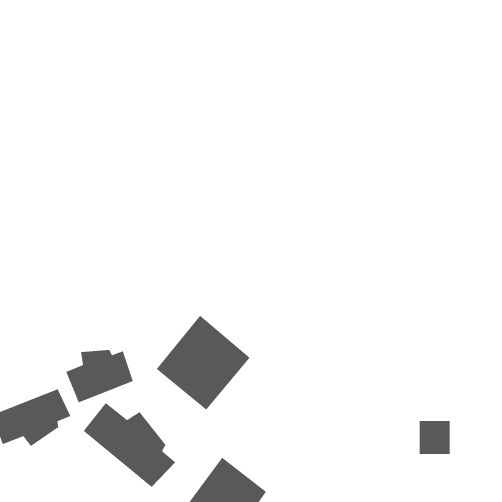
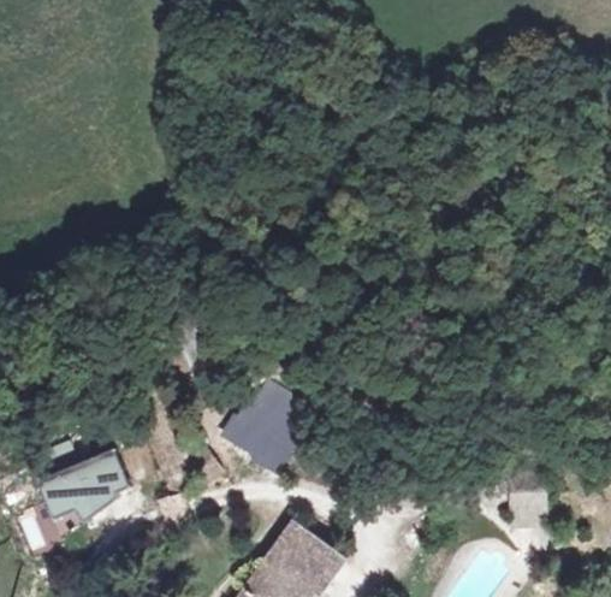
building: [66,349,134,403] -> none
building: [83,402,176,488] -> none

